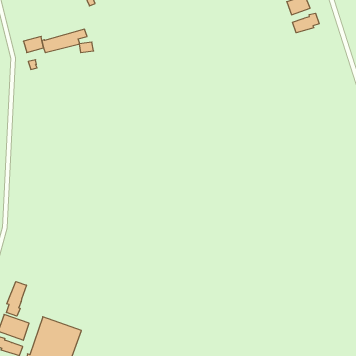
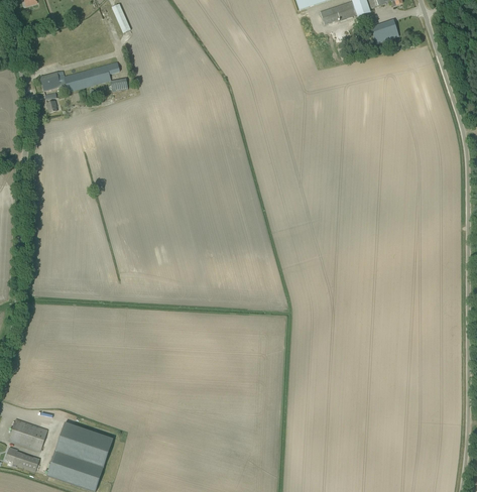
building: [292,13,319,33] -> none
building: [6,282,26,316] -> none

